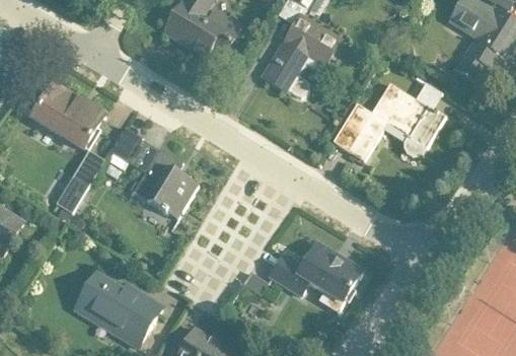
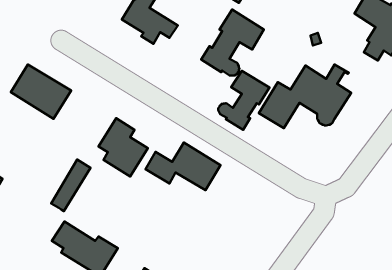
building: none -> [218,71,269,130]
building: [109,127,142,161] -> none
building: [56,149,103,212] -> [51,159,90,211]
building: [270,243,361,301] -> [145,143,220,190]

